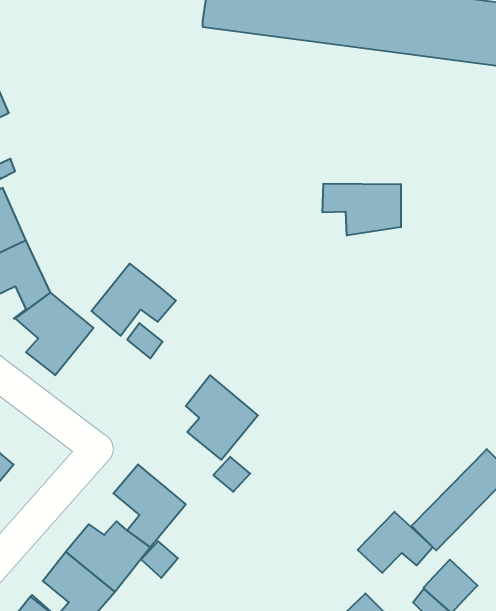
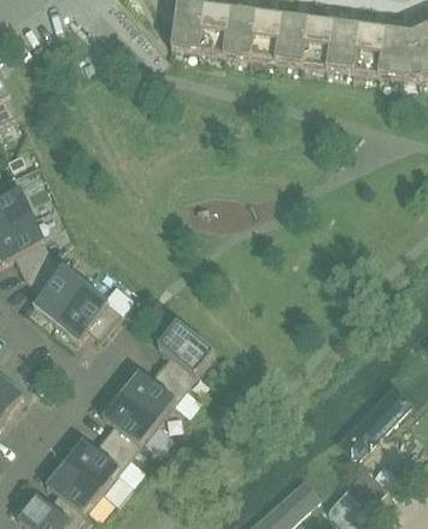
building: [323,184,401,236] -> none
building: [91,264,176,336] -> [55,284,122,341]
building: none -> [121,366,186,423]
building: [358,512,433,573] -> none

